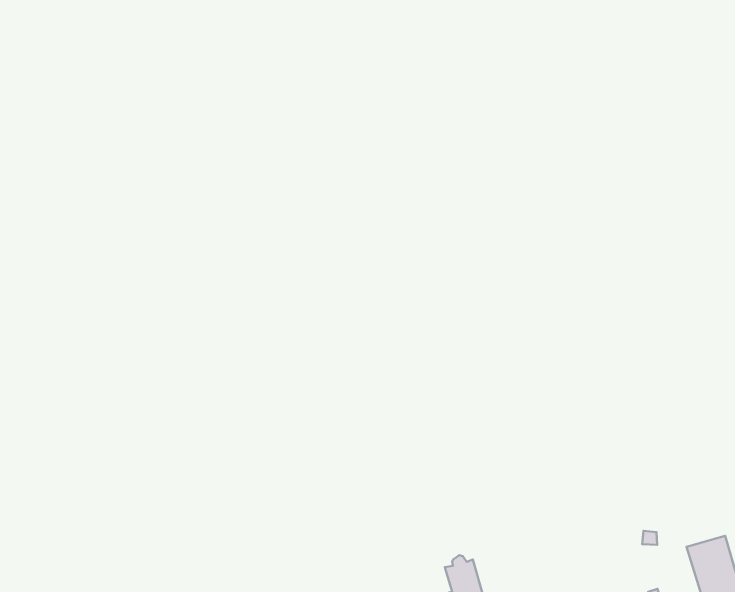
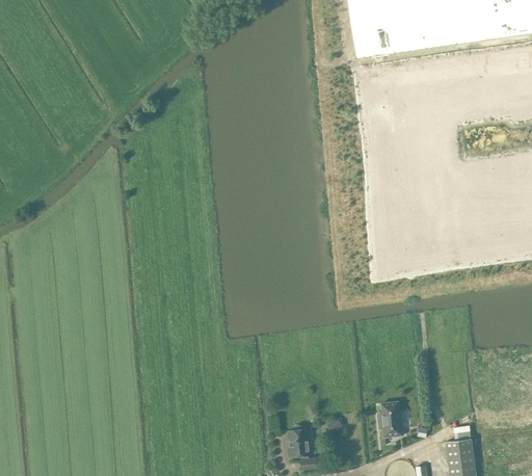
building: none -> [381,400,403,435]

